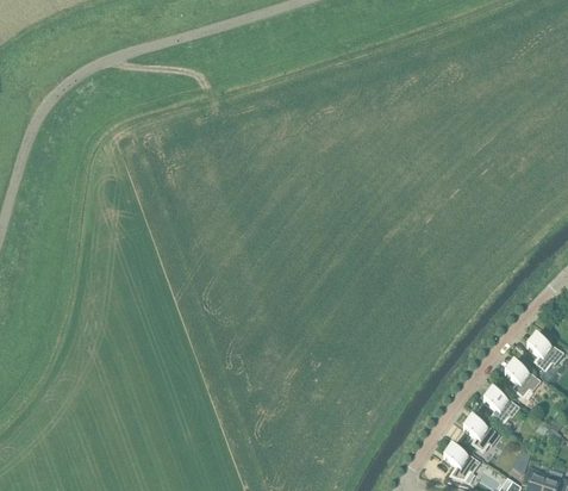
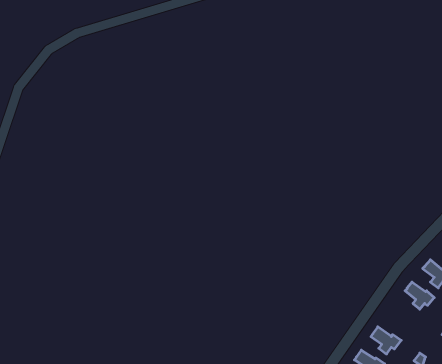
building: [483,389,520,422] -> none

